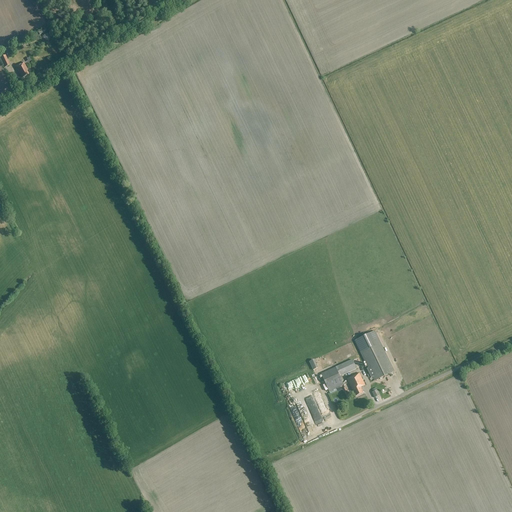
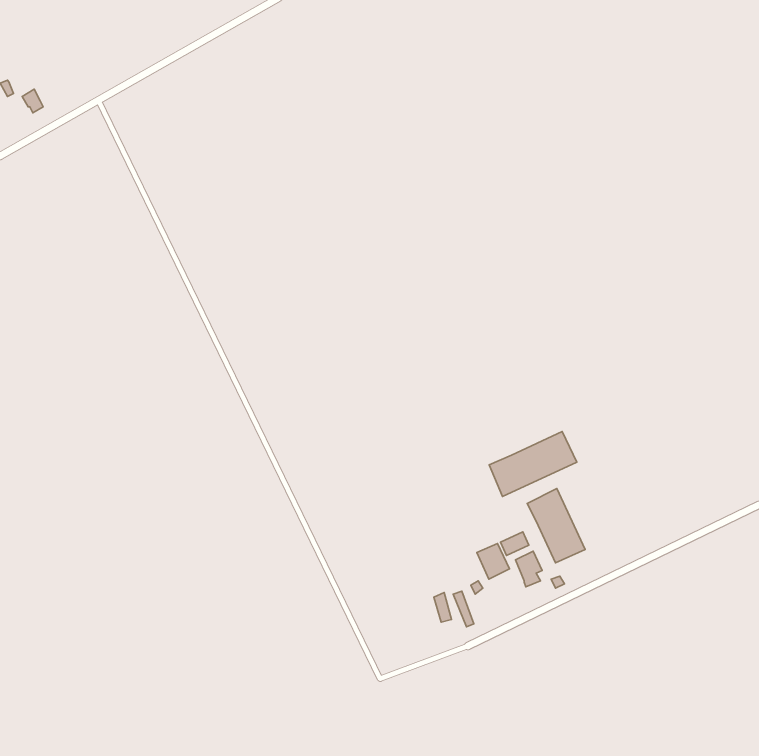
building: none -> [489,432,577,496]

